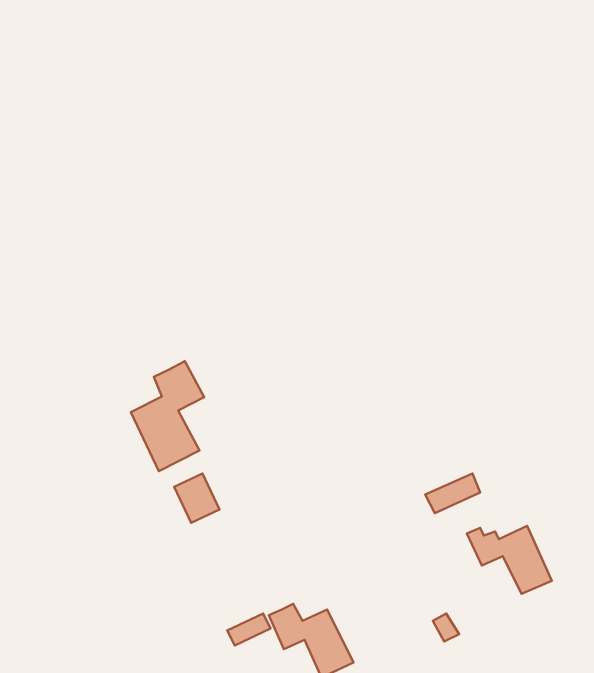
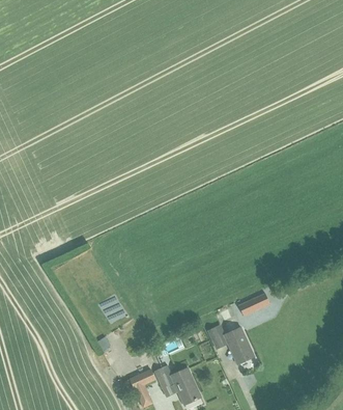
building: [131,361,204,471] -> none
building: [467,526,552,594] -> [207,327,254,364]

